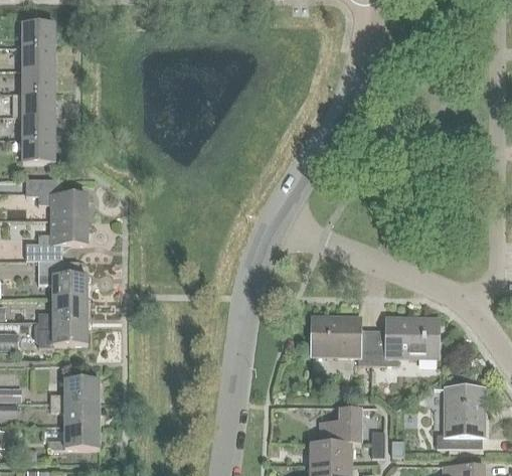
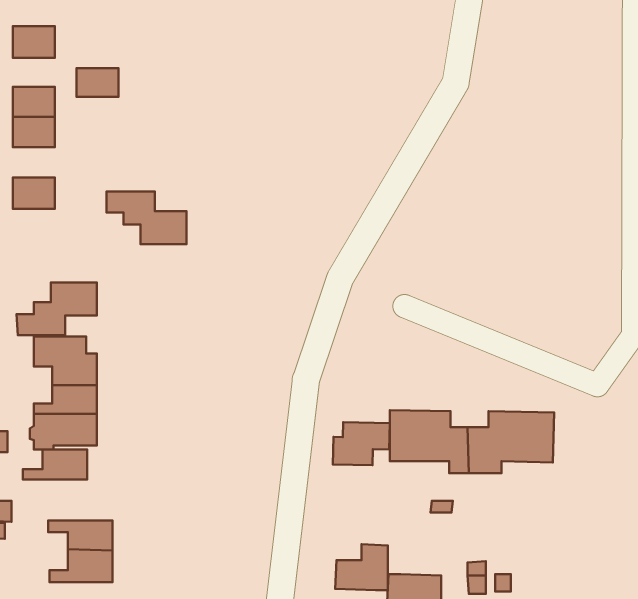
building: [22,46,54,68] -> [77,68,119,97]
building: [22,115,54,138] -> none
building: [25,178,87,218] -> [106,192,187,244]
building: none -> [333,422,390,465]
building: [49,377,99,401] -> [23,449,87,480]
building: [435,387,482,448] -> none
building: [319,408,359,443] -> [335,544,388,590]

